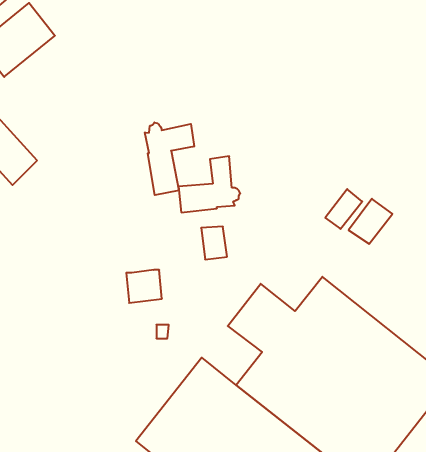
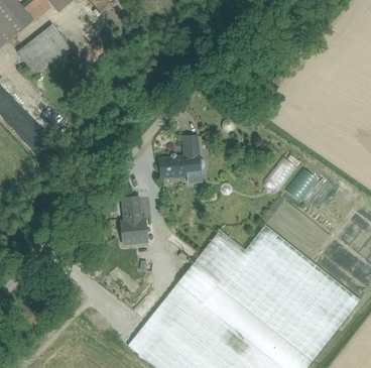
building: [145,122,194,195] -> none
building: [201,227,227,259] -> [122,198,141,222]
building: none -> [176,261,221,304]

